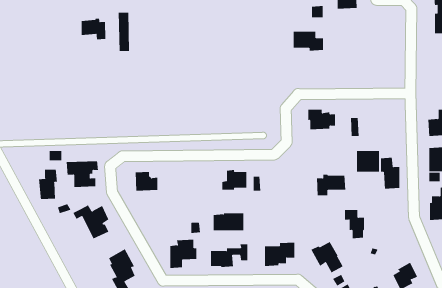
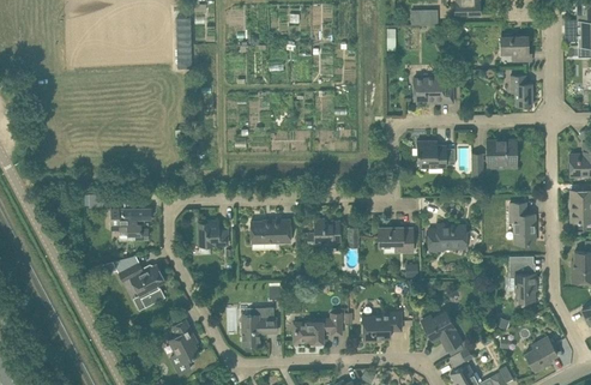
building: [81,18,106,40] -> none
building: none -> [501,35,531,62]
building: [293,31,324,51] -> [414,78,453,103]
building: none -> [509,76,532,106]
building: [356,151,380,172] -> [487,140,517,168]
building: [38,169,57,200] -> none
building: none -> [379,227,412,252]
building: [344,210,365,239] -> [509,264,536,301]
building: [213,213,244,231] -> [251,219,290,242]

